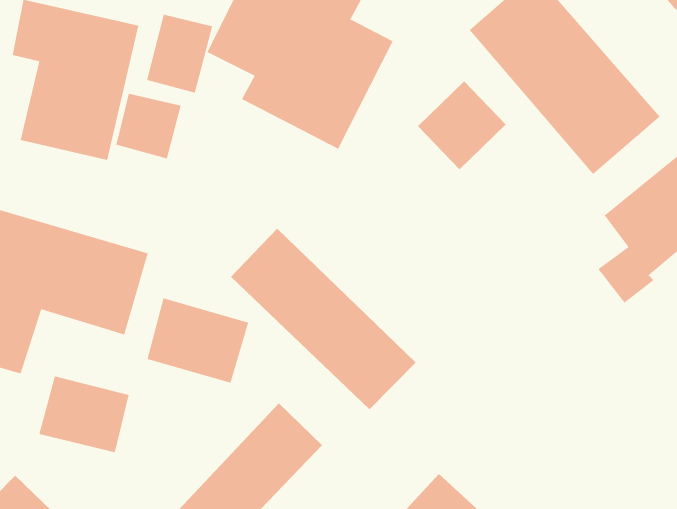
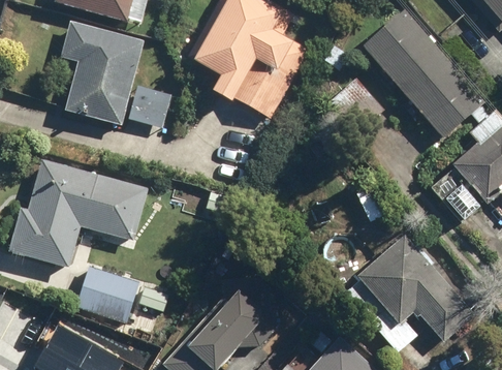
building: [146,14,213,93] -> none
building: [230,228,416,410] -> none
building: [147,297,249,384] -> none
building: none -> [345,233,480,352]

